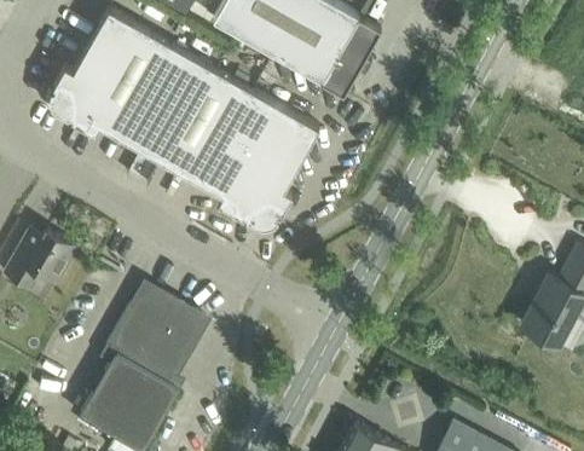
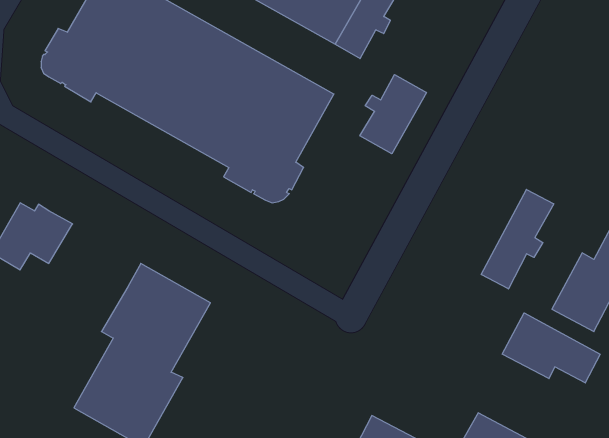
building: none -> [360,75,426,154]
building: none -> [481,189,554,289]
building: none -> [502,313,600,383]

